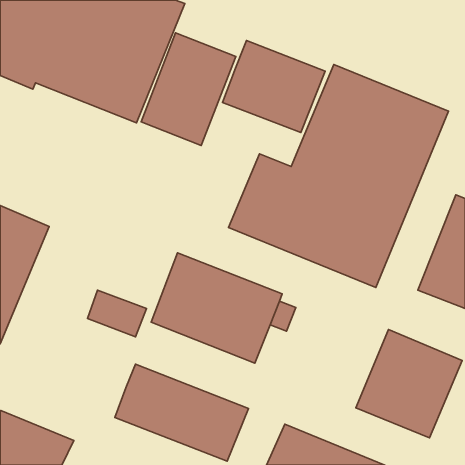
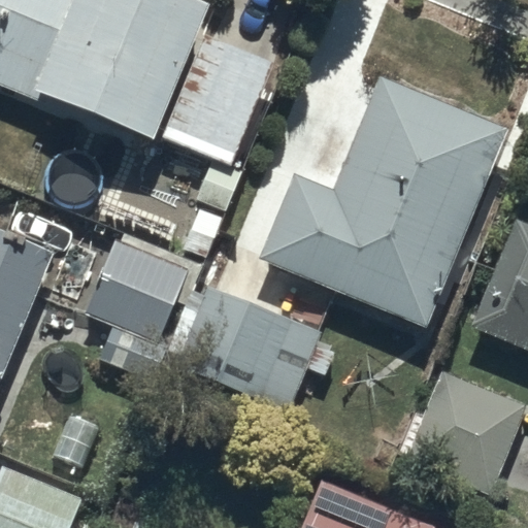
building: [223,41,325,133] -> none
building: none -> [88,239,191,342]
building: [115,364,249,461] -> none

